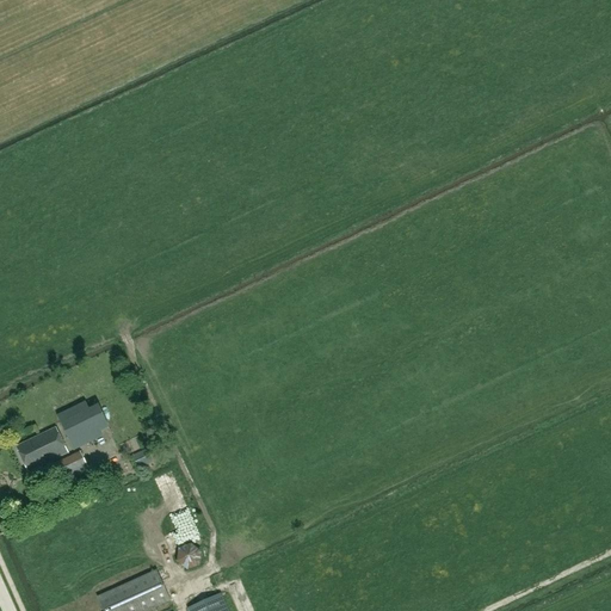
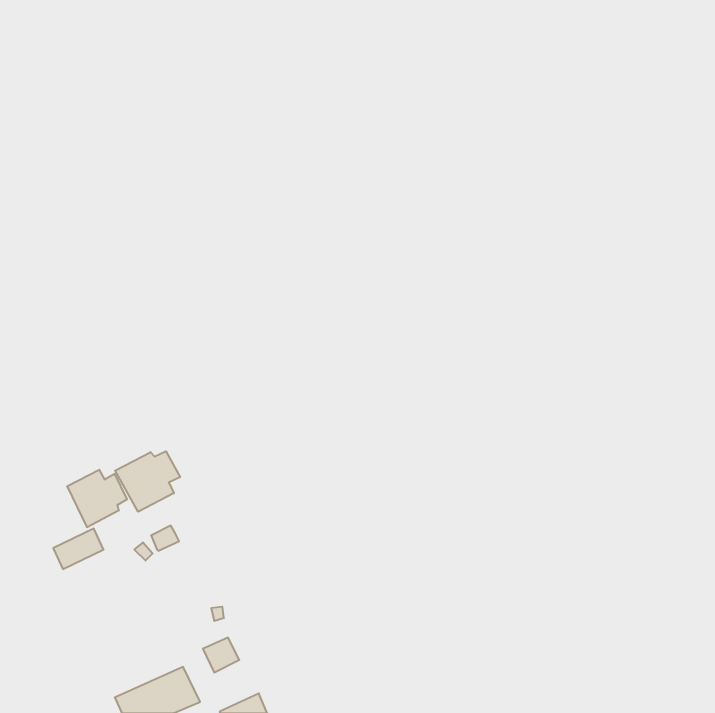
building: none -> [115,451,180,512]
building: [16,427,68,471] -> none

